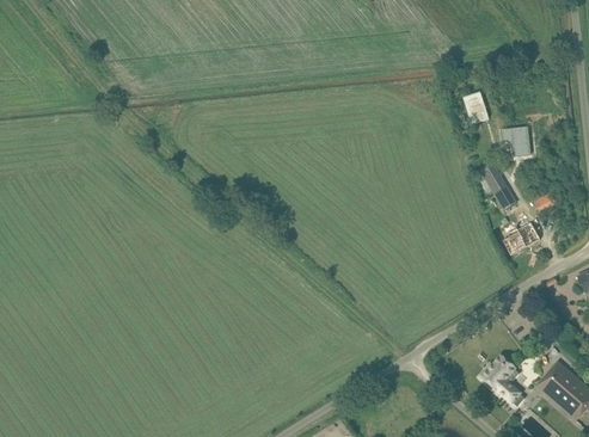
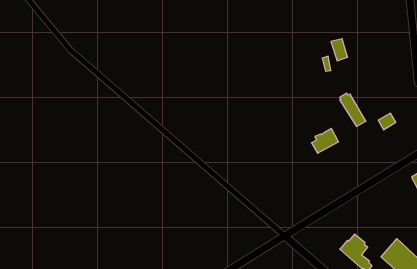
building: [502,127,530,156] -> none
building: [503,222,540,256] -> [311,129,339,153]

